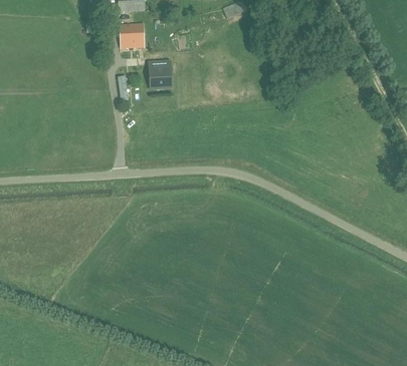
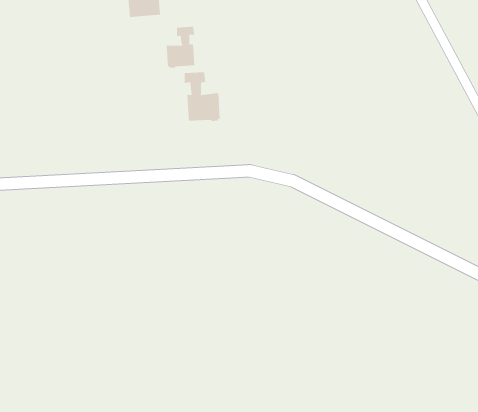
building: none -> [184,72,220,122]

